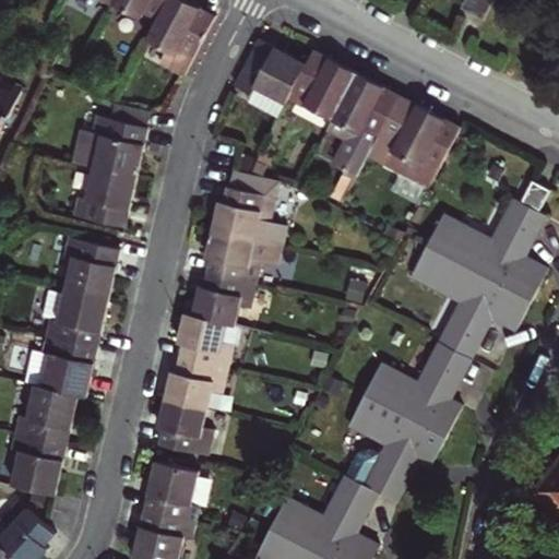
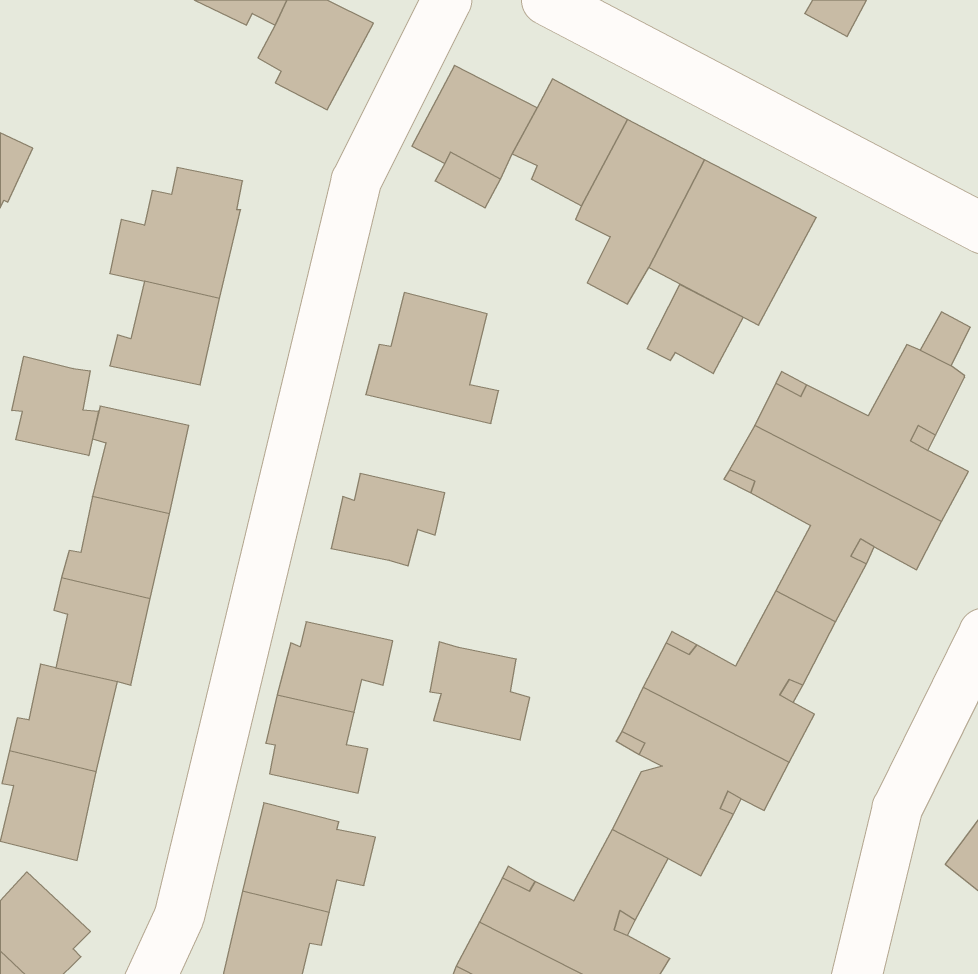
building: none -> [647,284,743,374]
building: none -> [12,356,98,456]
building: [204,229,282,285] -> none
building: [175,313,231,369] -> [430,642,530,740]

